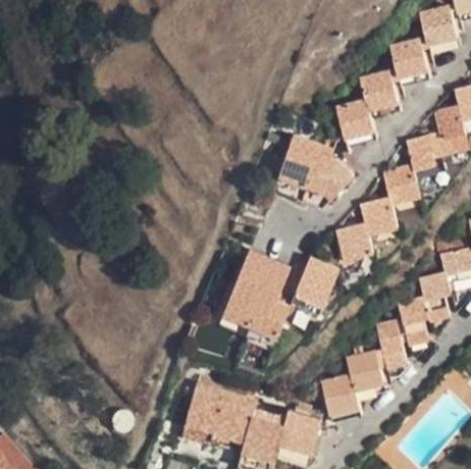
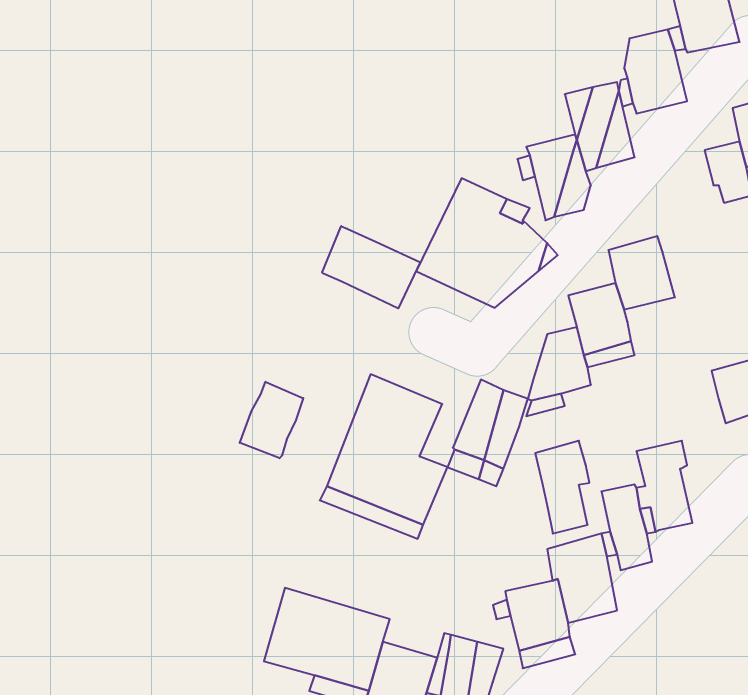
building: [407,139,454,177] -> none
building: none -> [322,226,420,308]
building: none -> [240,382,303,458]
building: [422,263,454,317] -> [535,441,589,534]

